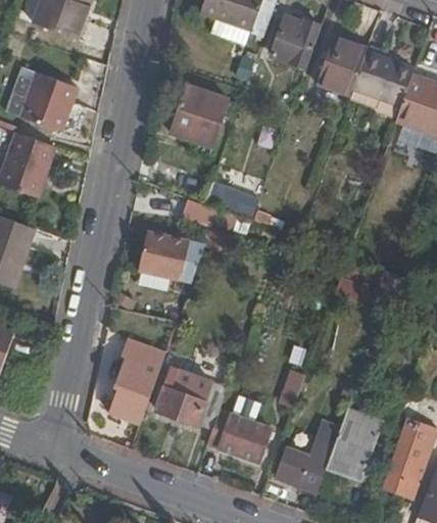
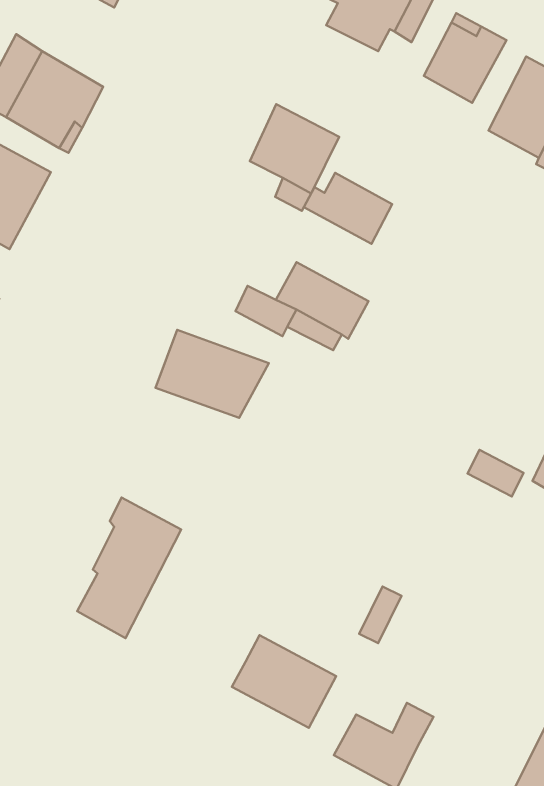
building: none -> [304,173,392,244]
building: [156,366,228,426] -> none
building: [326,410,382,476] -> none

